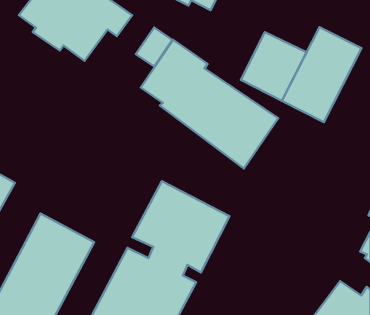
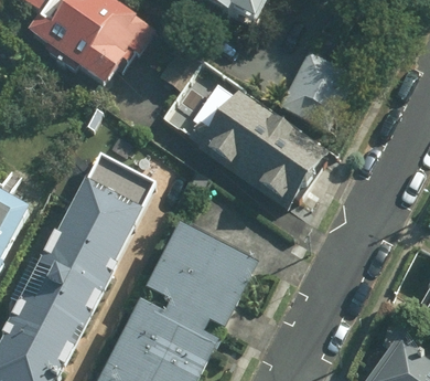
building: [282,27,361,122] -> none
building: none -> [47,145,168,290]

